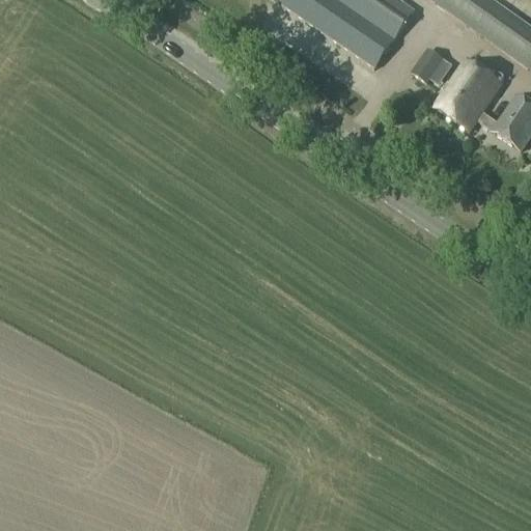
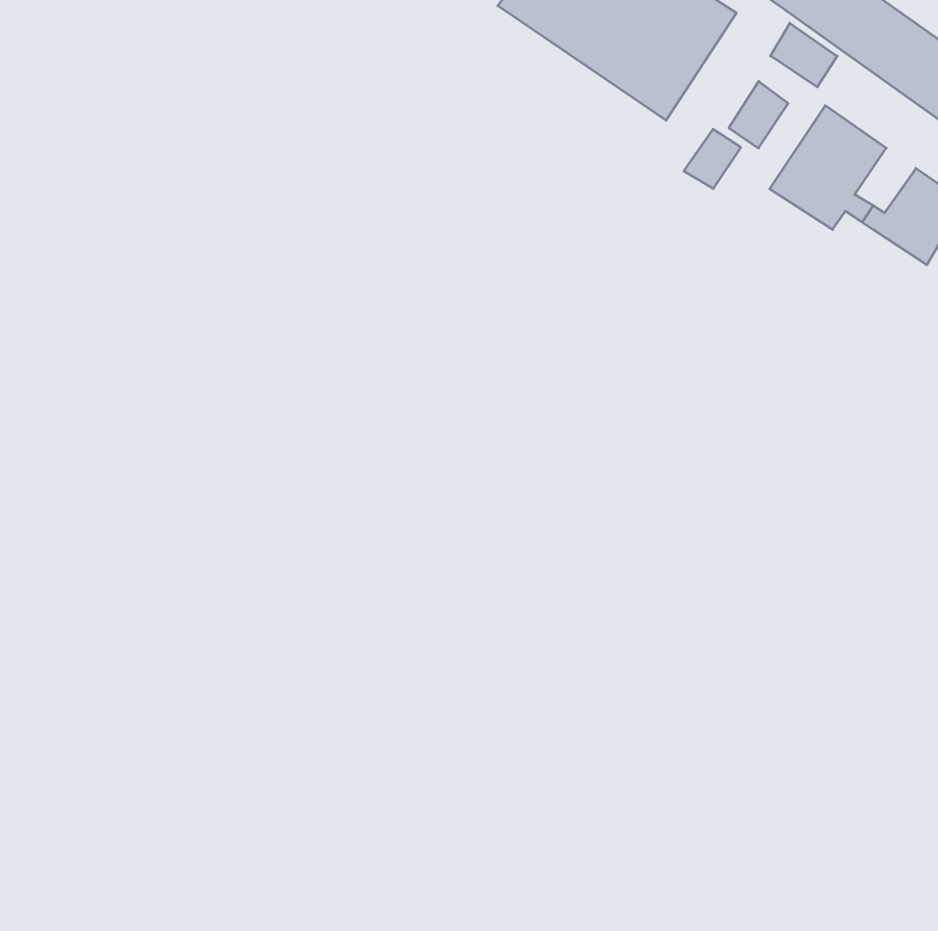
building: none -> [770,23,837,87]
building: none -> [684,129,741,189]

